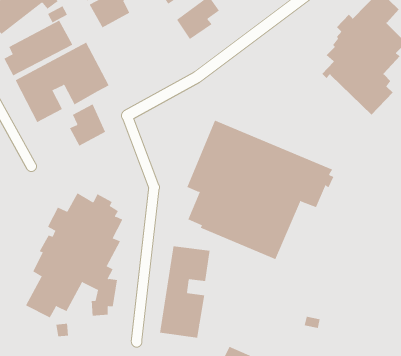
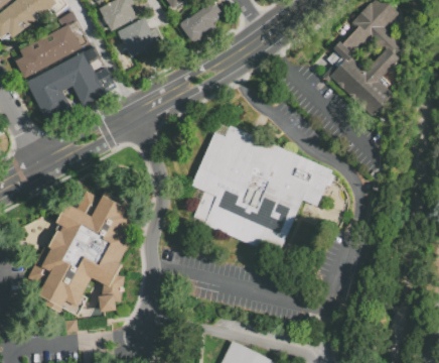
building: none -> [117,16,162,57]
building: [69,103,106,146] -> none
building: [160,245,210,338] -> none

